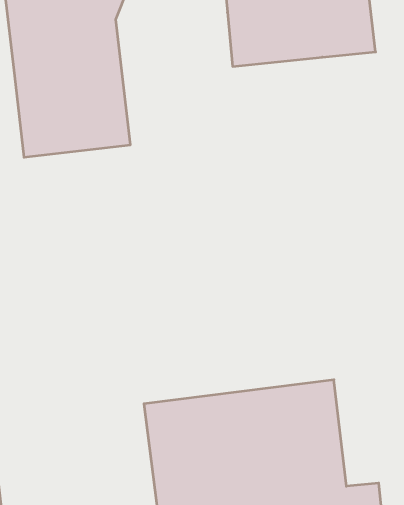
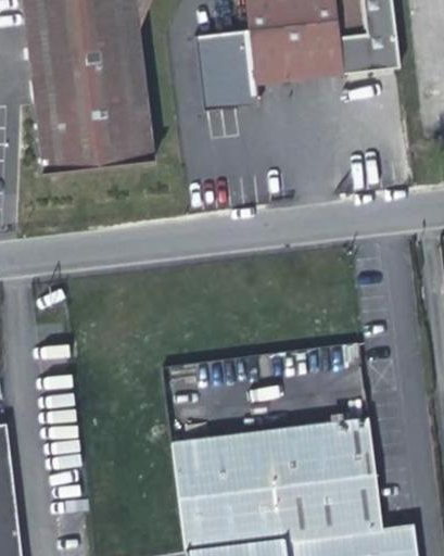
building: none -> [200,25,262,112]

